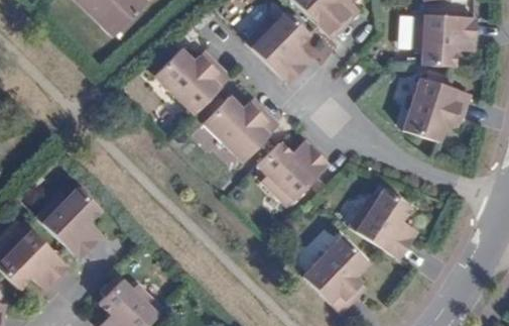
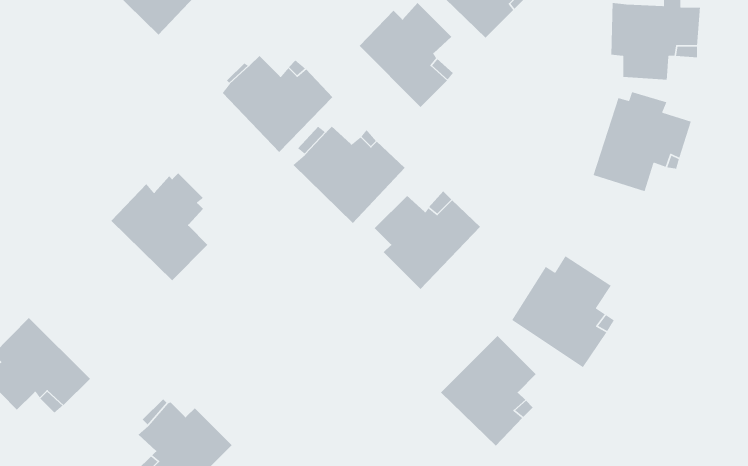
building: [37,185,103,257] -> [110,173,208,281]

